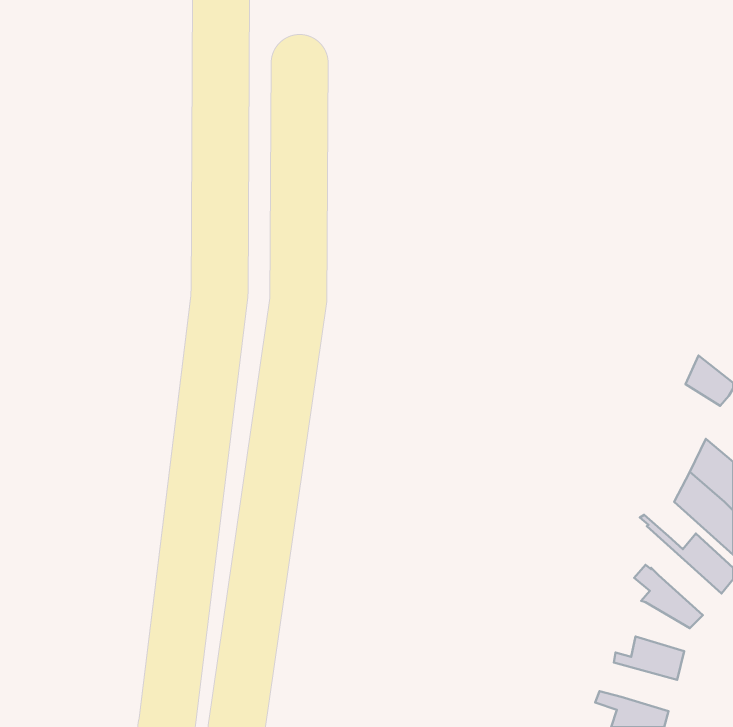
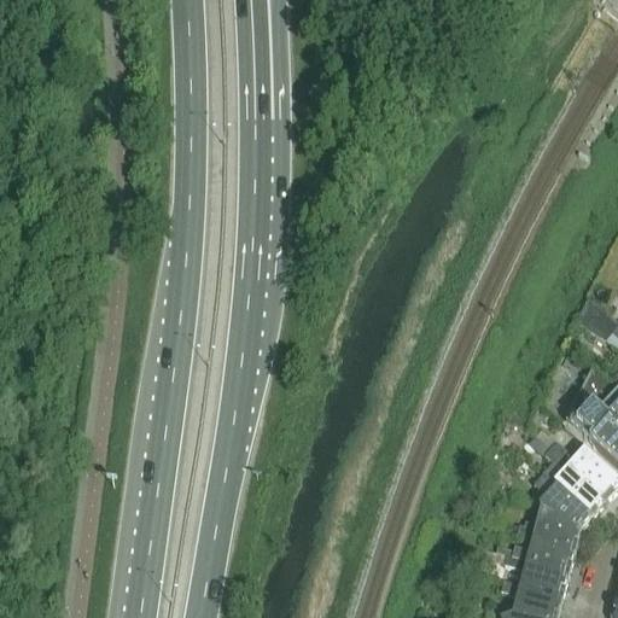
building: none -> [540,443,607,518]
building: none -> [523,507,581,548]
building: none -> [514,558,570,599]

